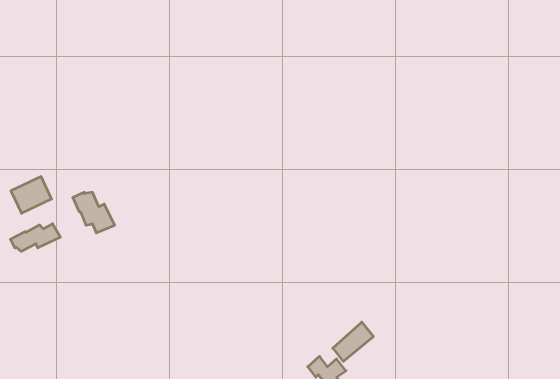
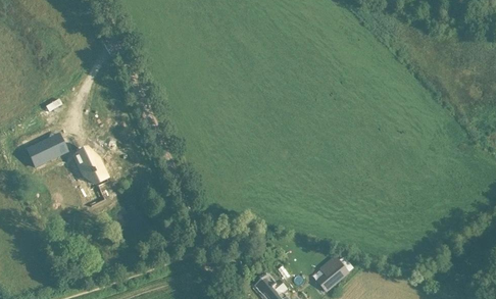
building: [10,224,60,251] -> none
building: [333,322,373,361] -> [316,260,348,291]

